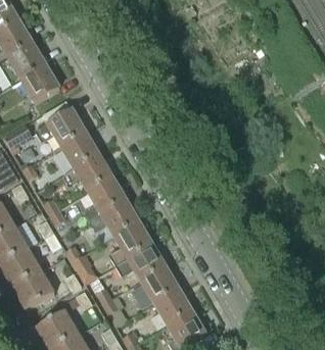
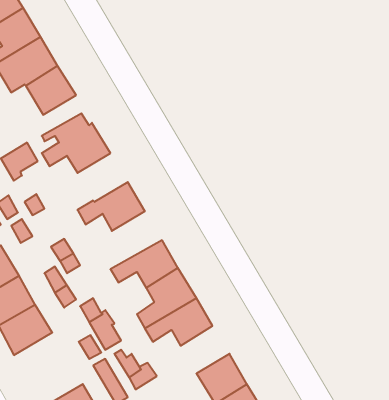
building: [62,133,101,170] -> none
building: [81,178,128,222] -> none
building: [142,266,180,303] -> none
building: [13,271,59,312] -> none

